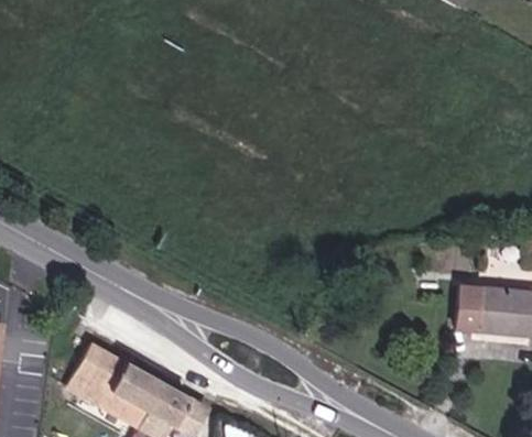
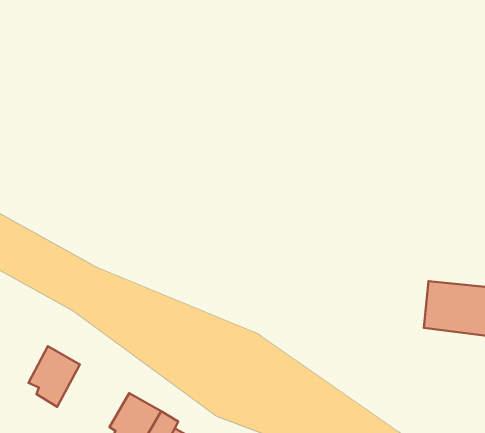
building: [93,362,162,423] -> none

